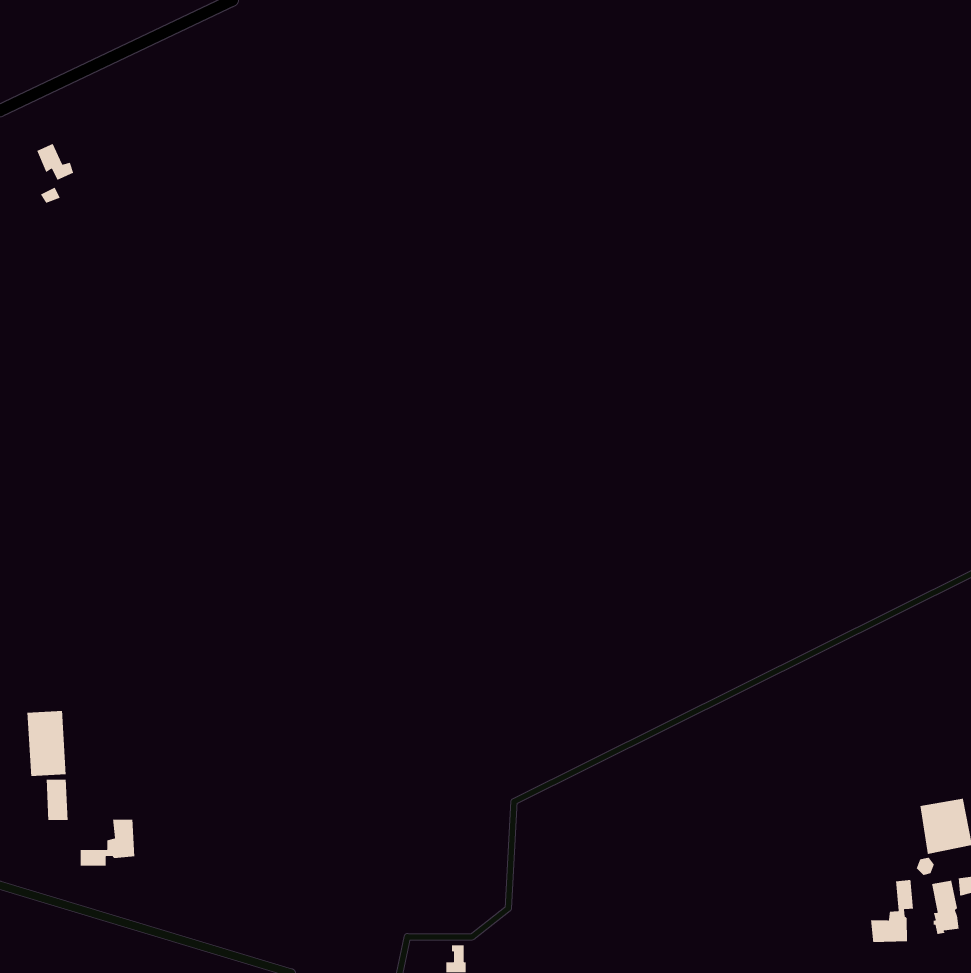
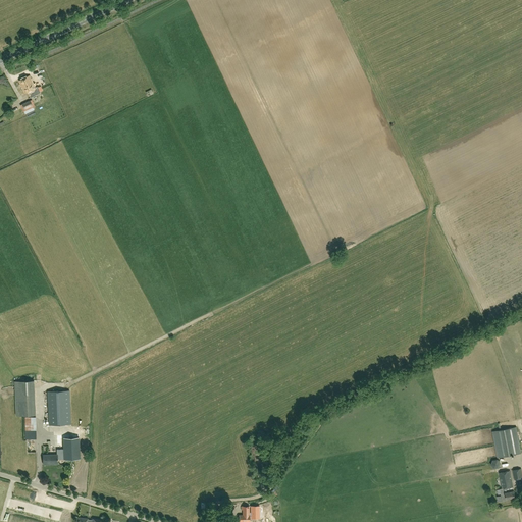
building: none -> [48,390,71,425]
building: [870,879,914,943] -> none

